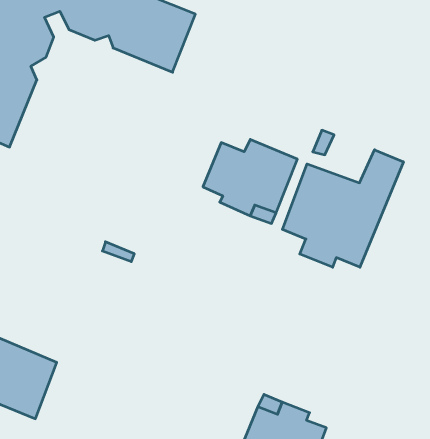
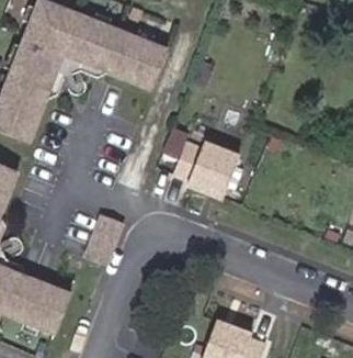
building: none -> [49,42,109,91]
building: [282,150,403,267] -> none

